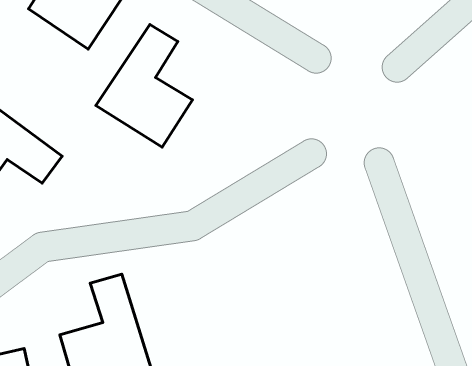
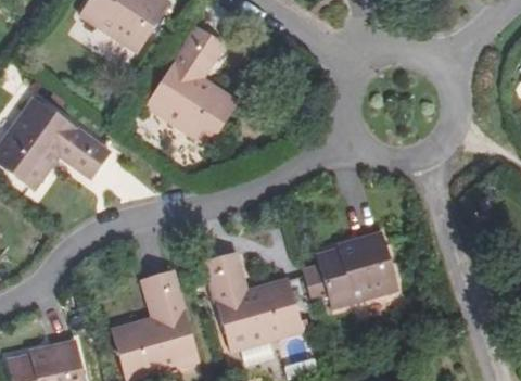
building: none -> [316,229,398,306]
building: none -> [203,251,301,350]

